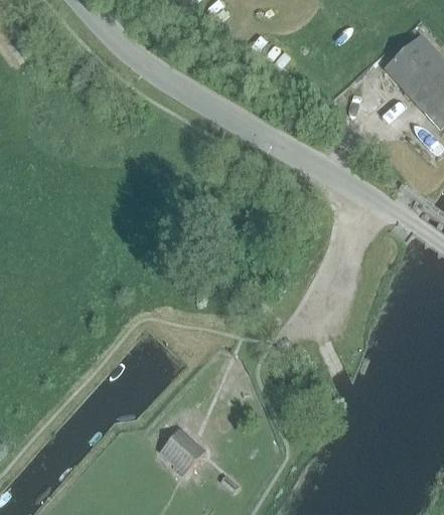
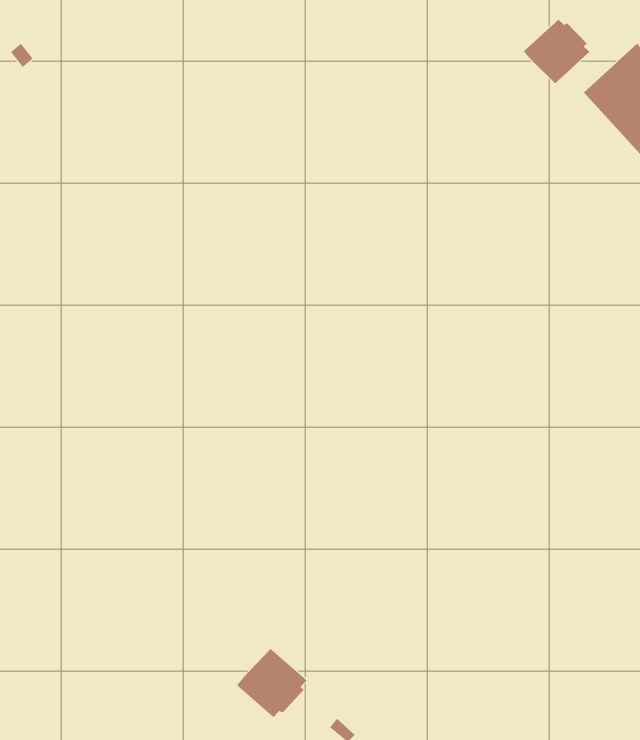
building: none -> [523,19,590,84]

